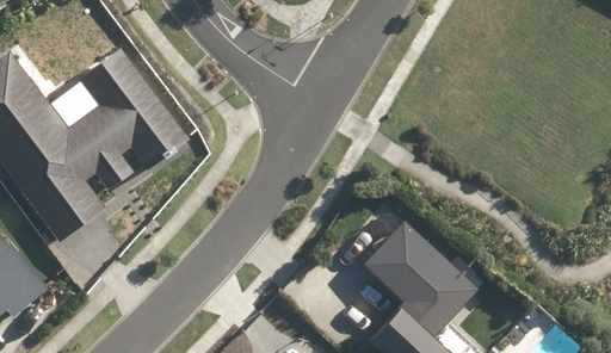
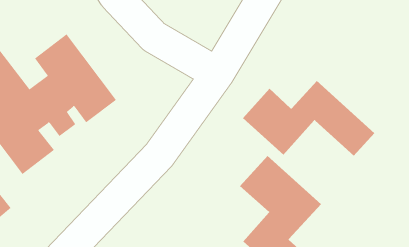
building: none -> [242,80,375,156]

